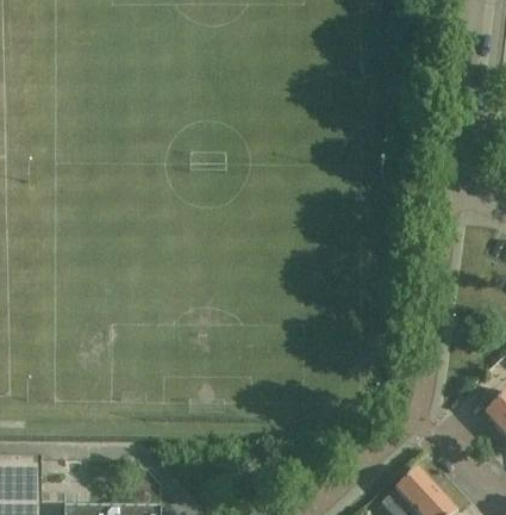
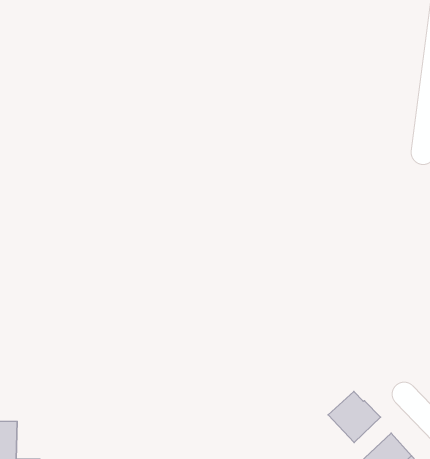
building: none -> [328,392,381,443]

